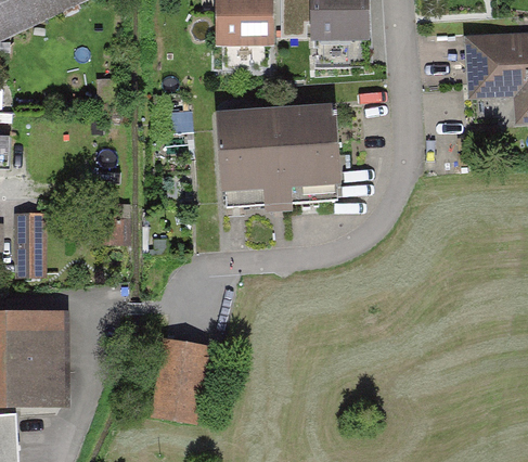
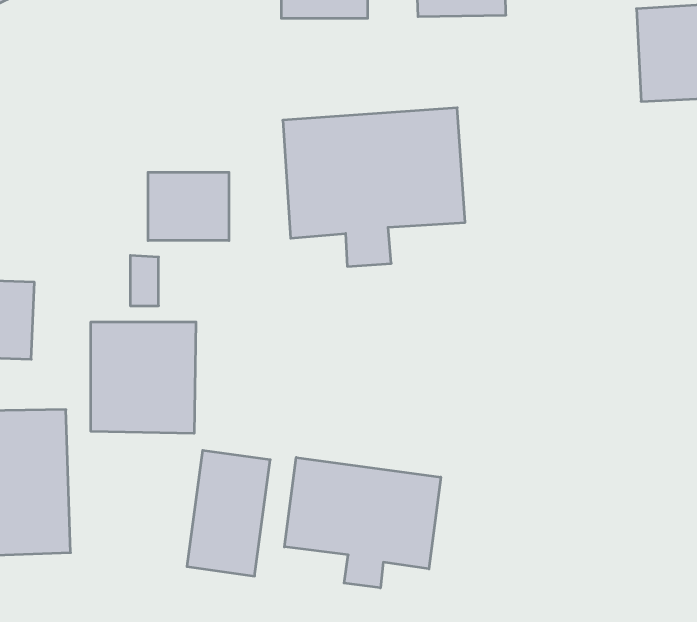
building: none -> [148,172,229,241]
building: none -> [91,322,196,433]
building: none -> [284,457,441,588]

